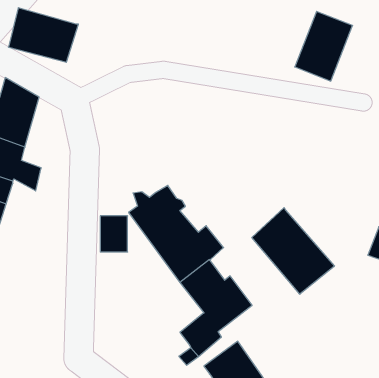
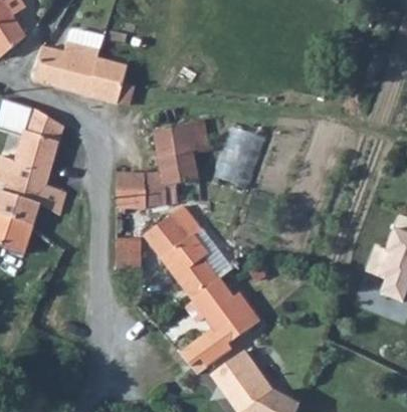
building: [295,11,353,81] -> [217,122,270,186]
building: none -> [87,58,135,102]
building: none -> [117,118,206,207]
building: [252,208,334,294] -> none

